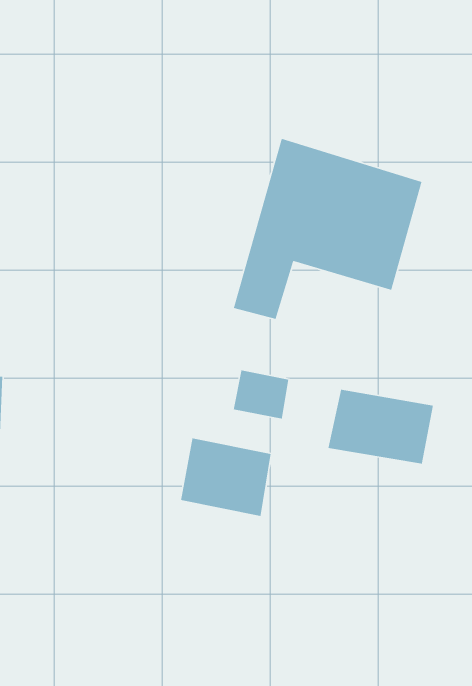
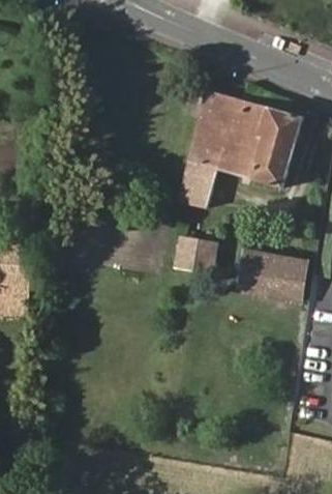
building: [180,437,272,517] -> none

